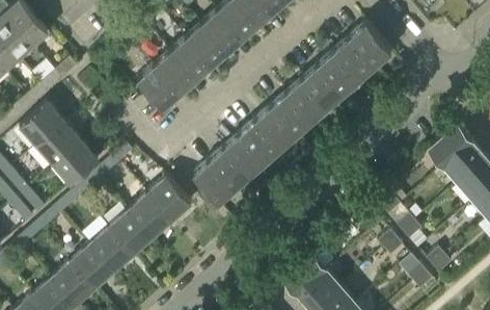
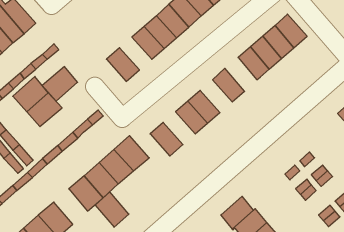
building: [155,52,195,94] -> none
building: [288,78,328,121] -> none
building: [256,106,297,148] -> none
building: [54,141,99,185] -> [42,67,78,101]
building: [210,147,250,188] -> none
building: [72,244,114,289] -> [95,192,129,227]

